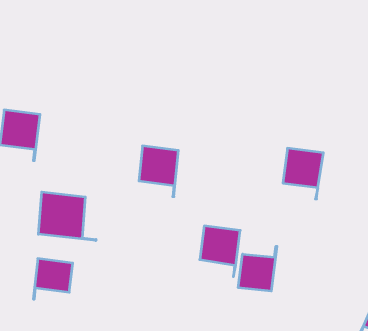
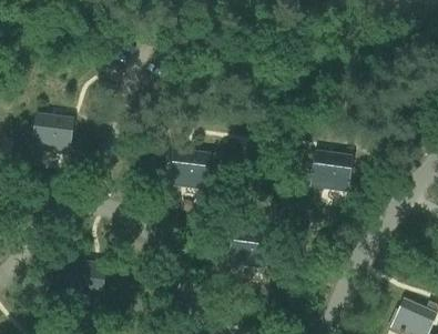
building: [38,192,96,241] -> none
building: [238,246,277,291] -> none

